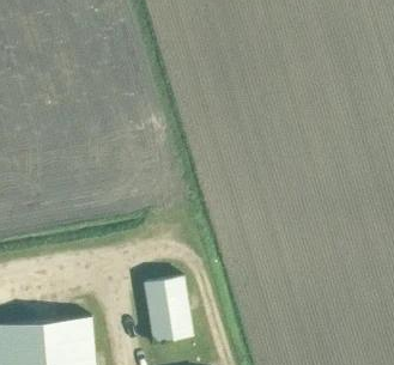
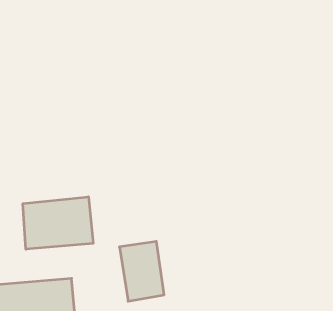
building: none -> [23,197,93,249]

